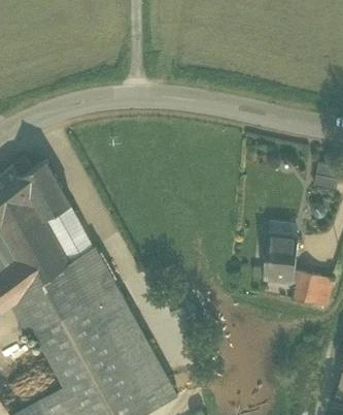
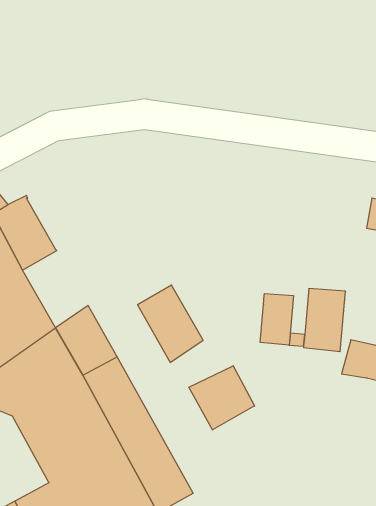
building: [43,205,95,266] -> [138,285,203,362]
building: none -> [260,294,293,345]
building: none -> [189,366,255,430]

